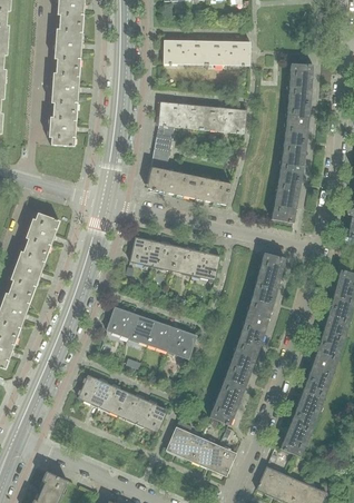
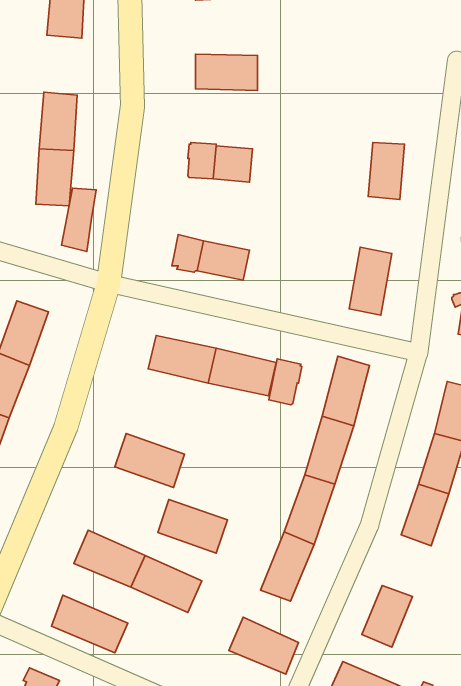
building: [57,26,83,68] -> none
building: [207,40,250,66] -> none
building: [288,63,313,102] -> none
building: [201,106,247,134] -> none
building: [151,126,176,170] -> [61,188,96,252]
building: [279,139,307,179] -> none
building: [197,177,232,205] -> none
building: none -> [269,359,302,405]
building: [148,320,197,358] -> [158,499,227,553]
building: [295,377,330,421] -> none
building: none -> [51,595,128,653]
building: [167,426,197,458] -> none

